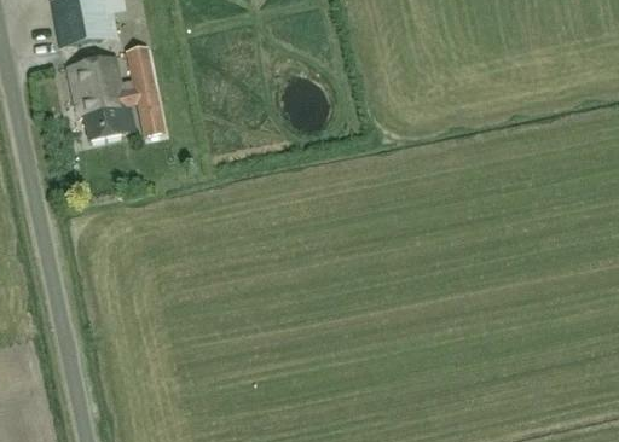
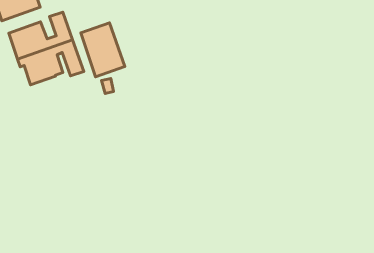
building: none -> [81,23,125,77]

